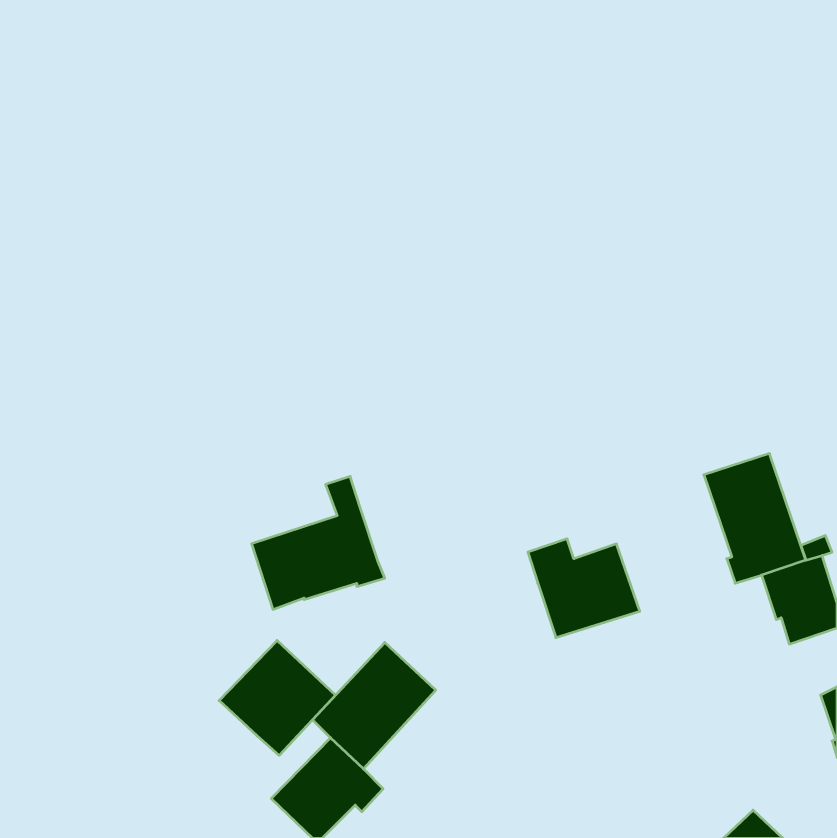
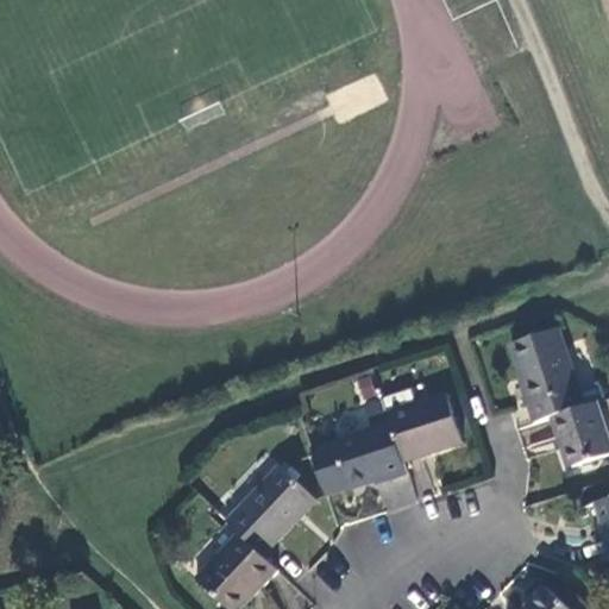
building: [252,476,385,609] -> [310,400,407,496]
building: [219,640,336,755] -> none

